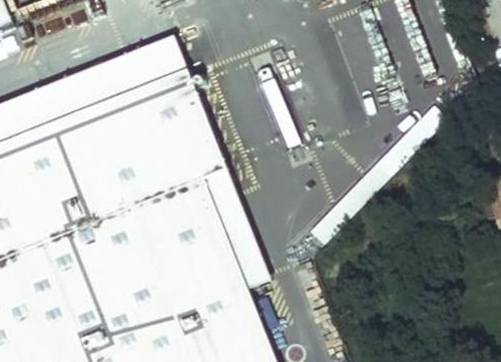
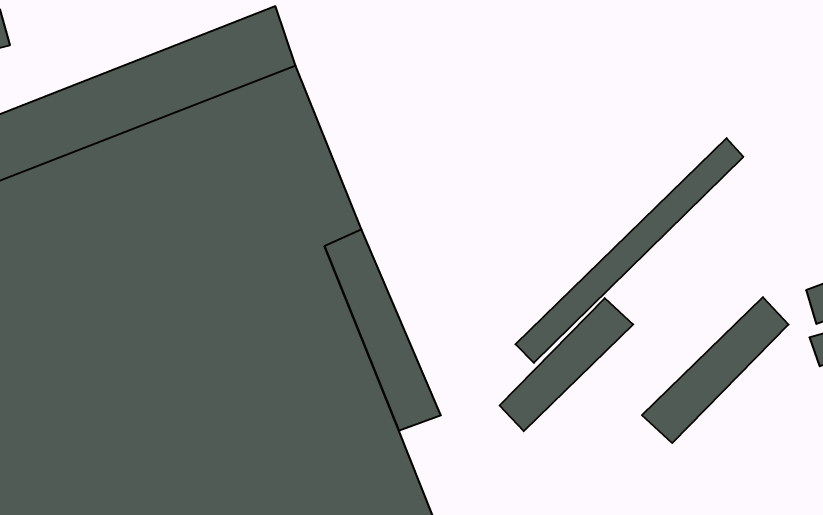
building: none -> [642,297,789,443]
building: none -> [500,298,633,431]

